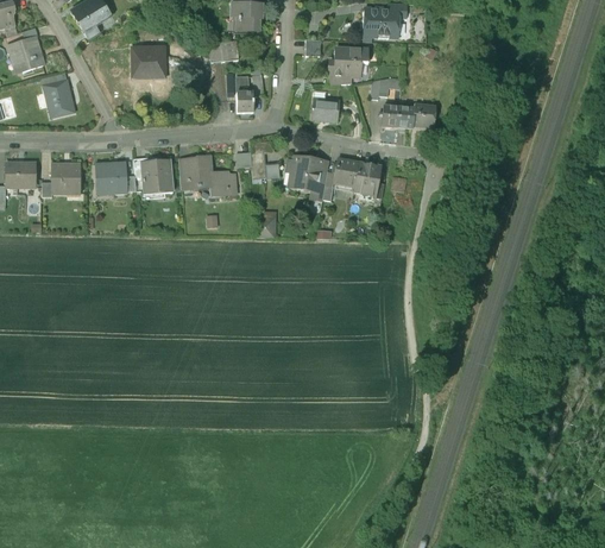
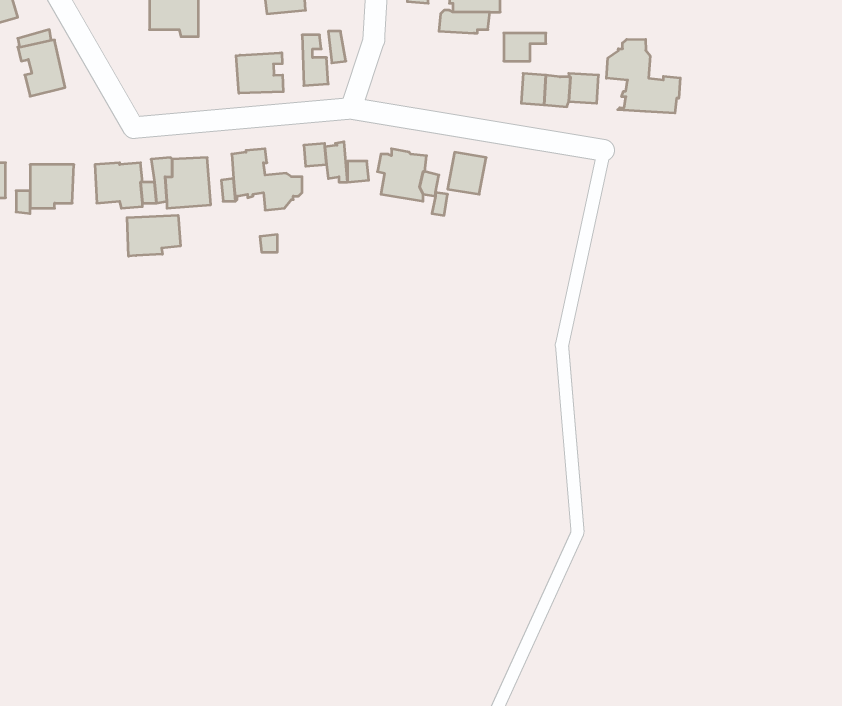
building: none -> [606,39,680,113]
building: none -> [236,53,283,93]
building: [311,97,339,120] -> none
building: [353,160,380,195] -> none
building: none -> [127,215,180,256]

